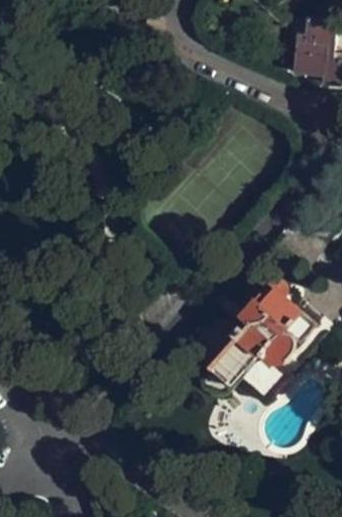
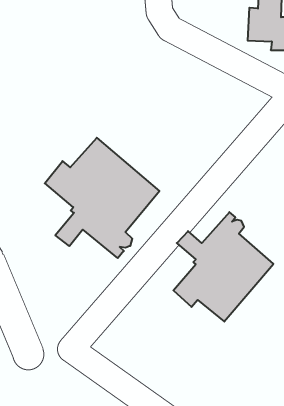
building: none -> [45,138,159,258]

